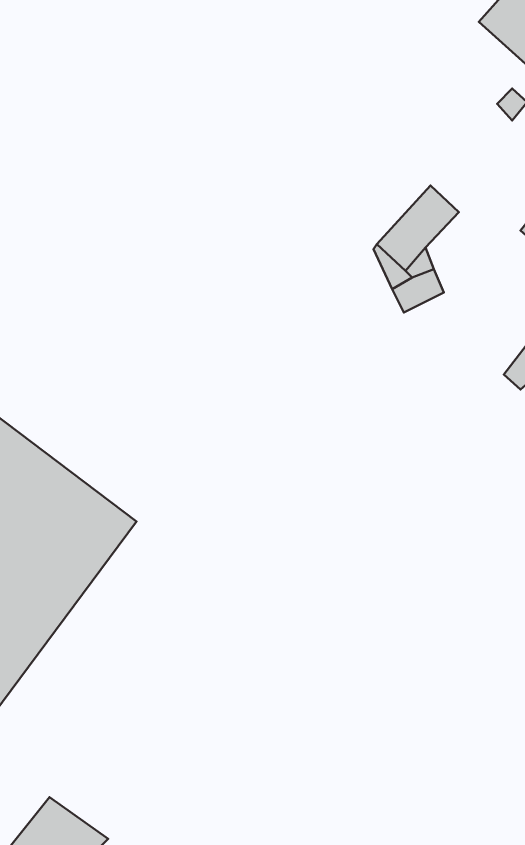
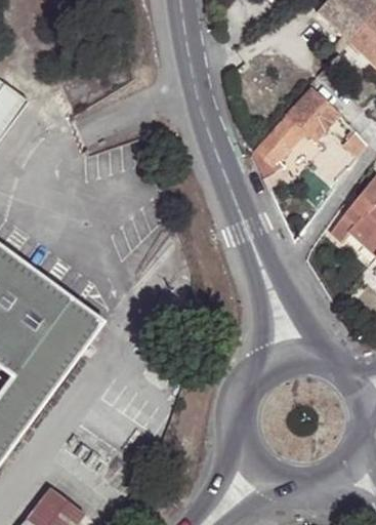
building: none -> [285,88,338,140]

